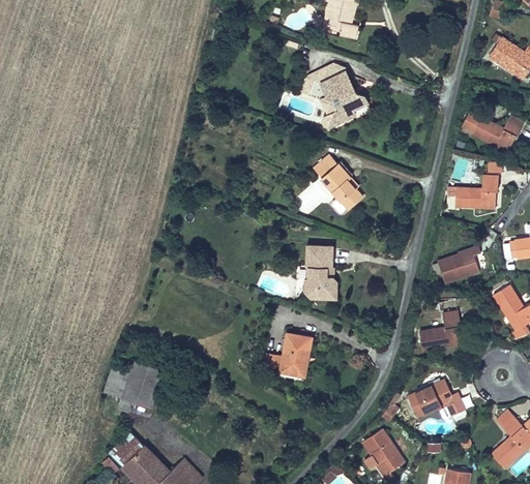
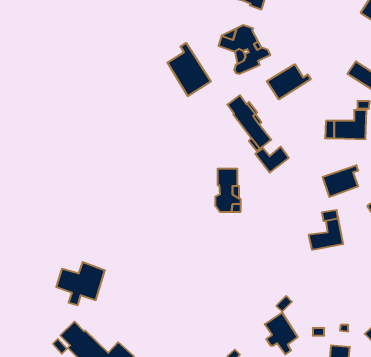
building: none -> [168,43,211,96]
building: none -> [267,64,311,99]
building: none -> [255,147,289,173]
building: [276,334,305,386] -> none
building: [410,377,469,421] -> none

